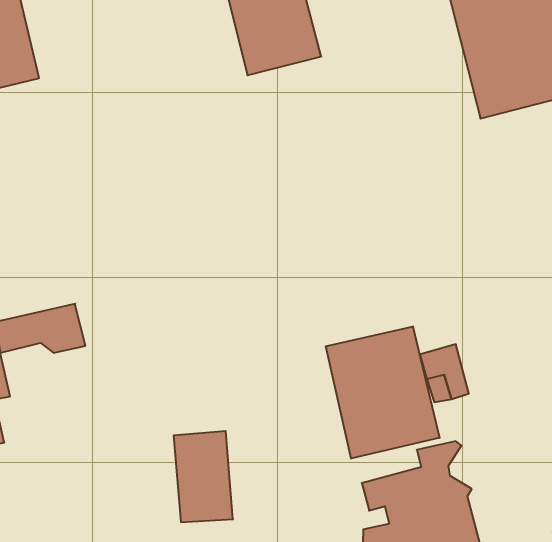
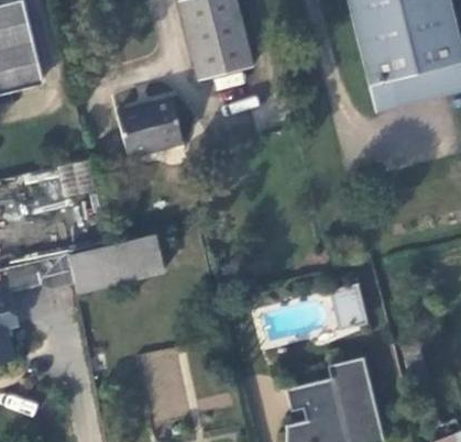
building: none -> [116,96,184,156]
building: none -> [68,233,166,294]
building: [326,326,440,459] -> none

